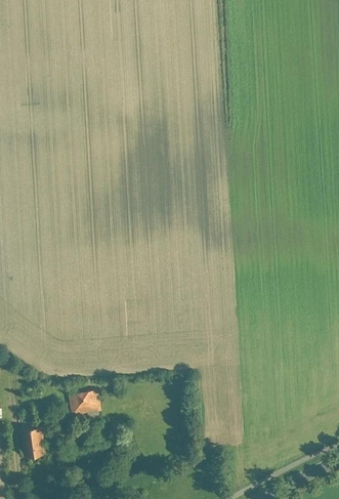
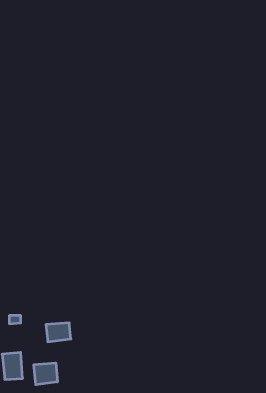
building: none -> [34,363,57,385]

